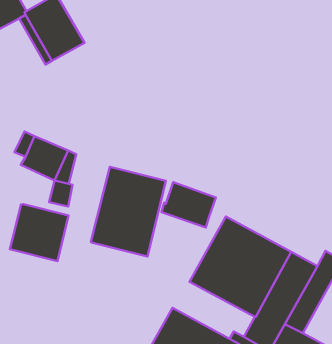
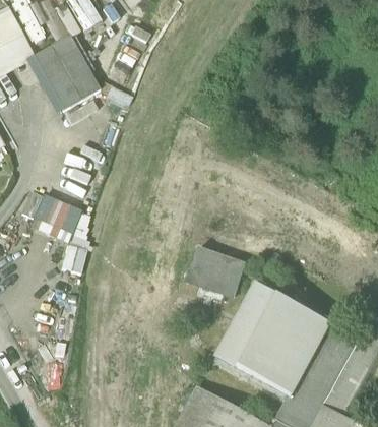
building: [91,167,166,257] -> none
building: [10,204,68,261] -> none

